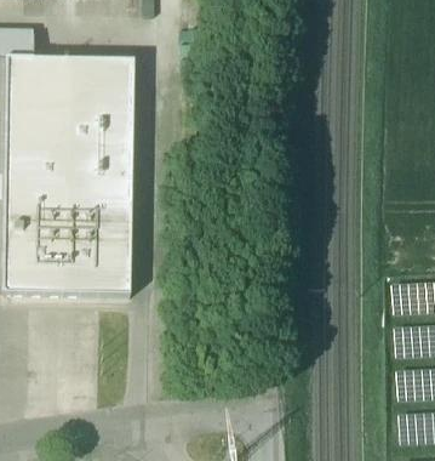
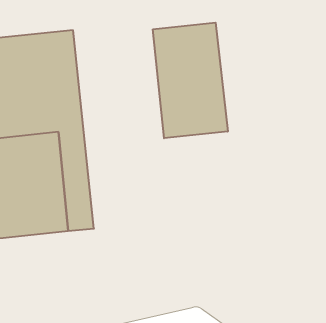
building: none -> [153,23,228,138]

